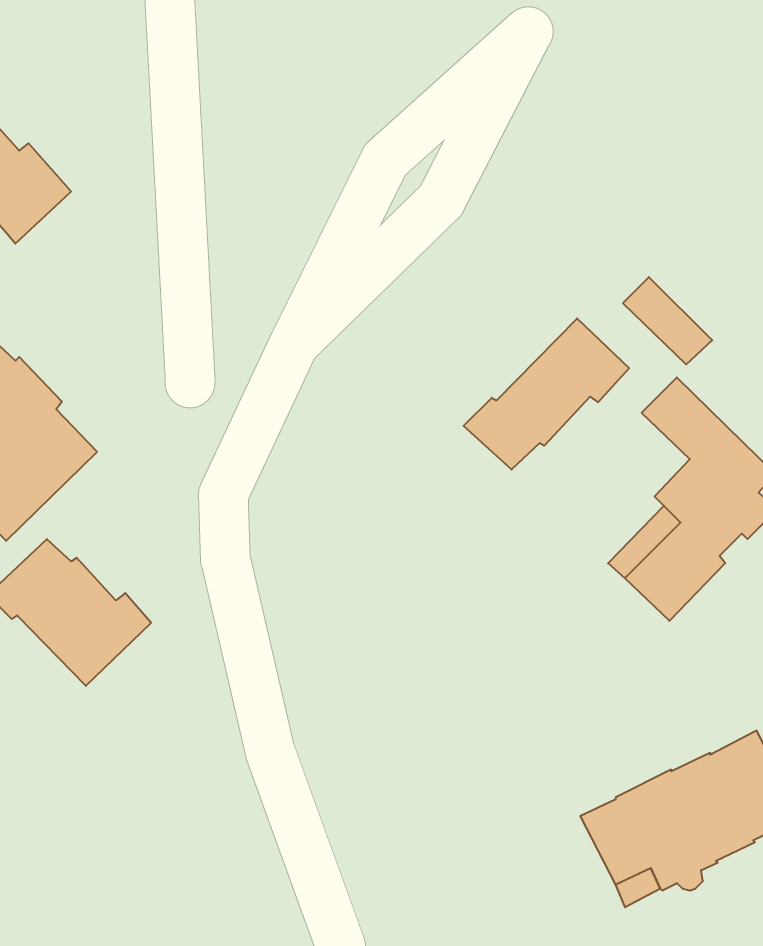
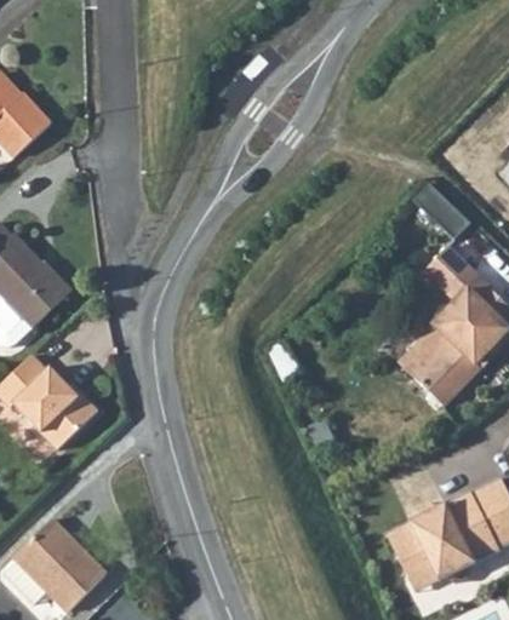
building: [464,318,629,470] -> none
building: none -> [13,515,105,608]

